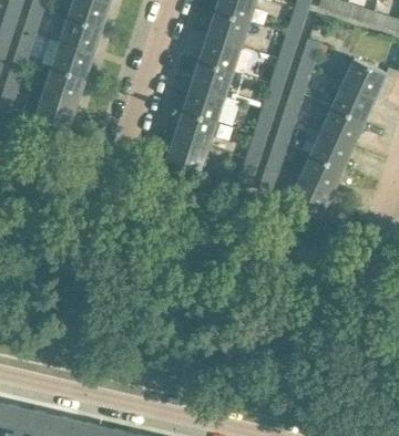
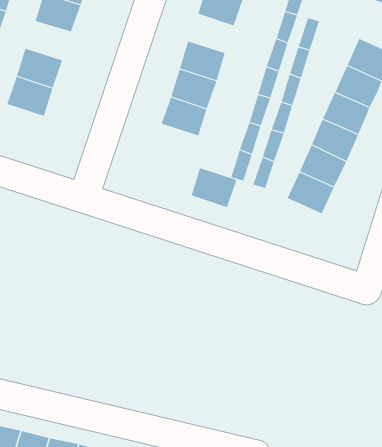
building: [198,37,241,72] -> none
building: [51,43,93,79] -> none
building: [166,136,208,173] -> [191,168,237,208]

